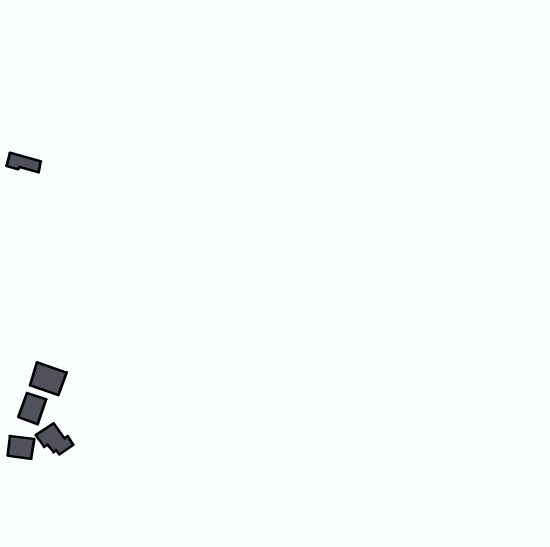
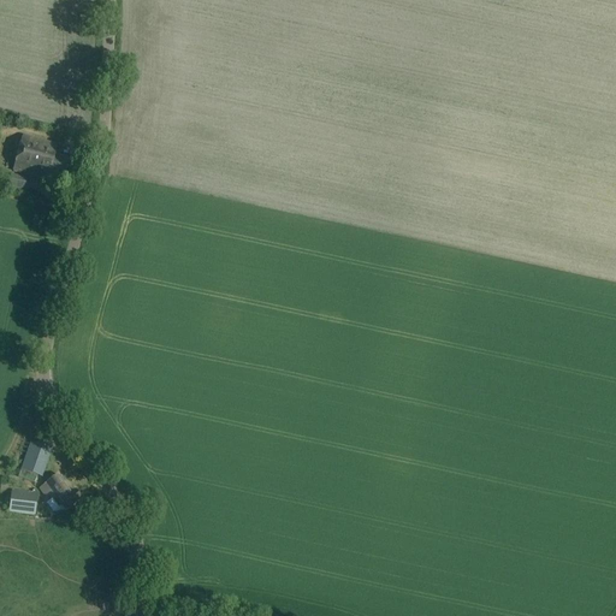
building: none -> [13,134,67,179]
building: [30,362,67,395] -> none

